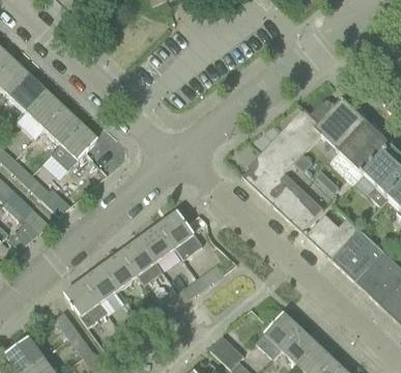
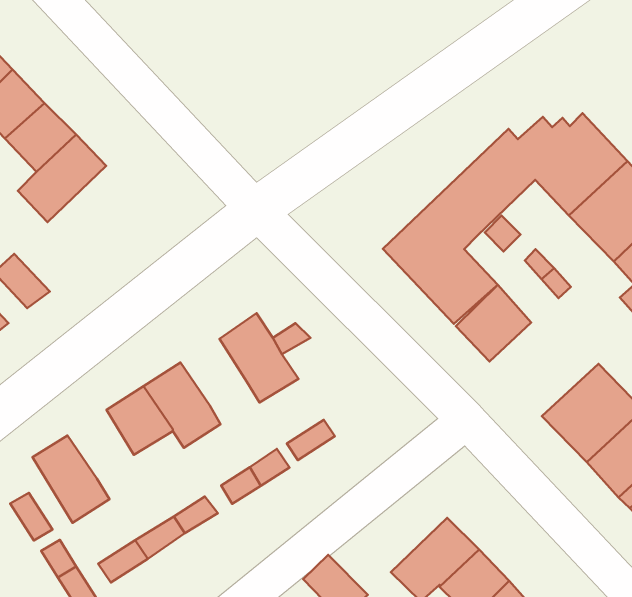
building: [305,213,357,257] -> none
building: [139,226,174,261] -> none
building: [82,266,117,303] -> none

